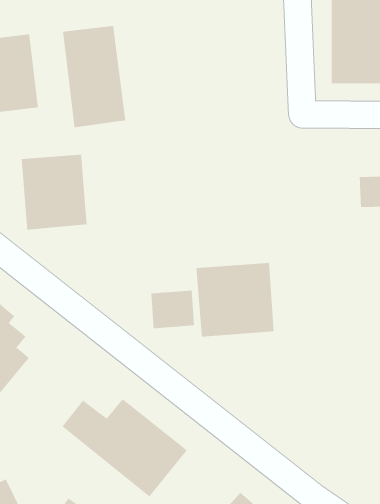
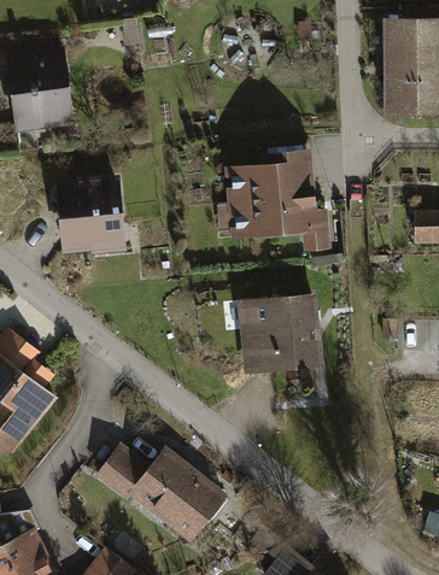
building: [62,25,126,128] -> none
building: none -> [224,160,329,253]
building: [150,290,195,329] -> none

